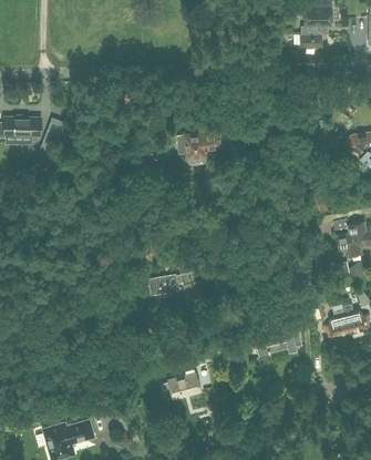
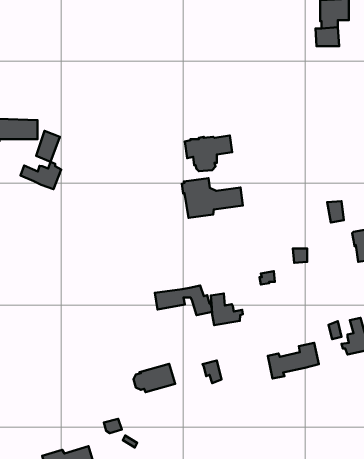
building: none -> [20,162,61,189]
building: none -> [182,178,243,218]
building: none -> [211,293,243,325]
building: [162,371,200,398] -> [134,364,175,392]

